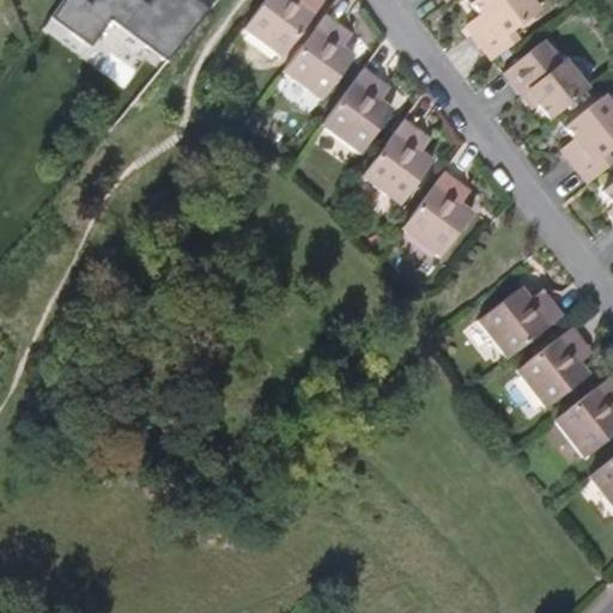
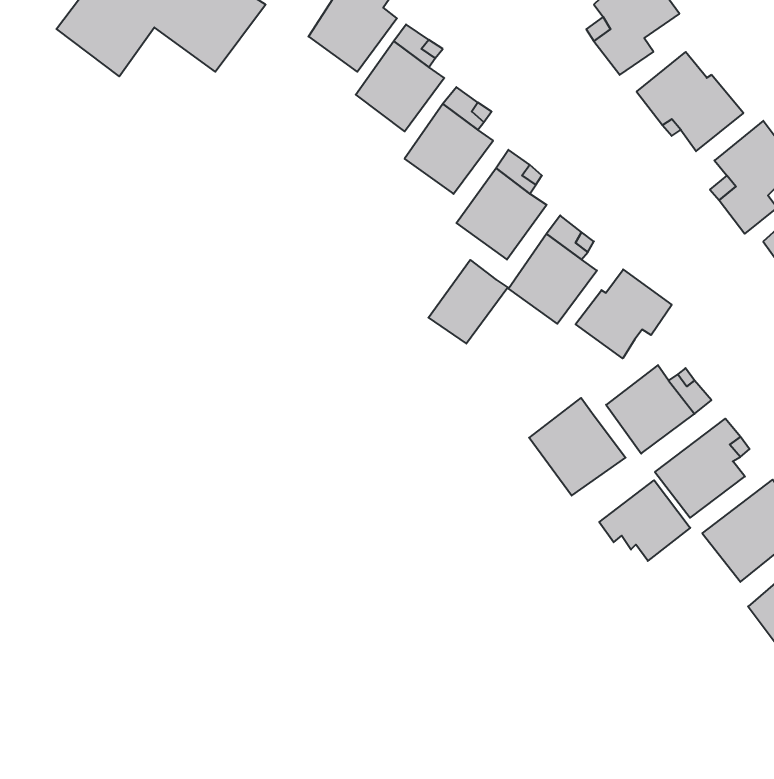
building: none -> [428,260,508,344]
building: none -> [576,269,672,358]
building: none -> [529,398,626,496]
building: none -> [599,480,690,561]

